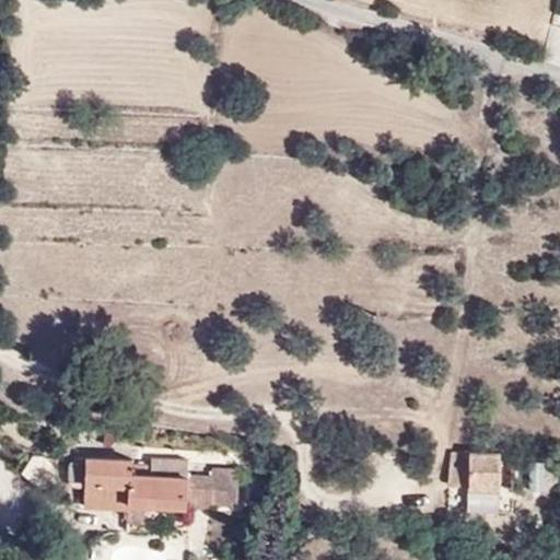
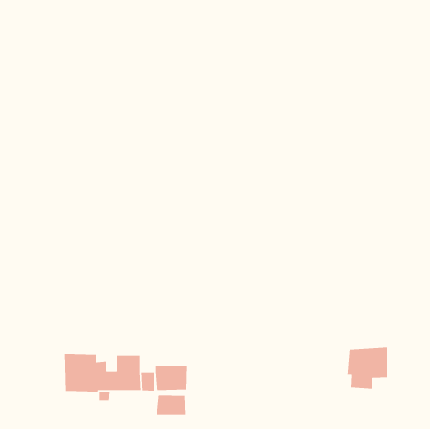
building: none -> [156,395,186,415]

